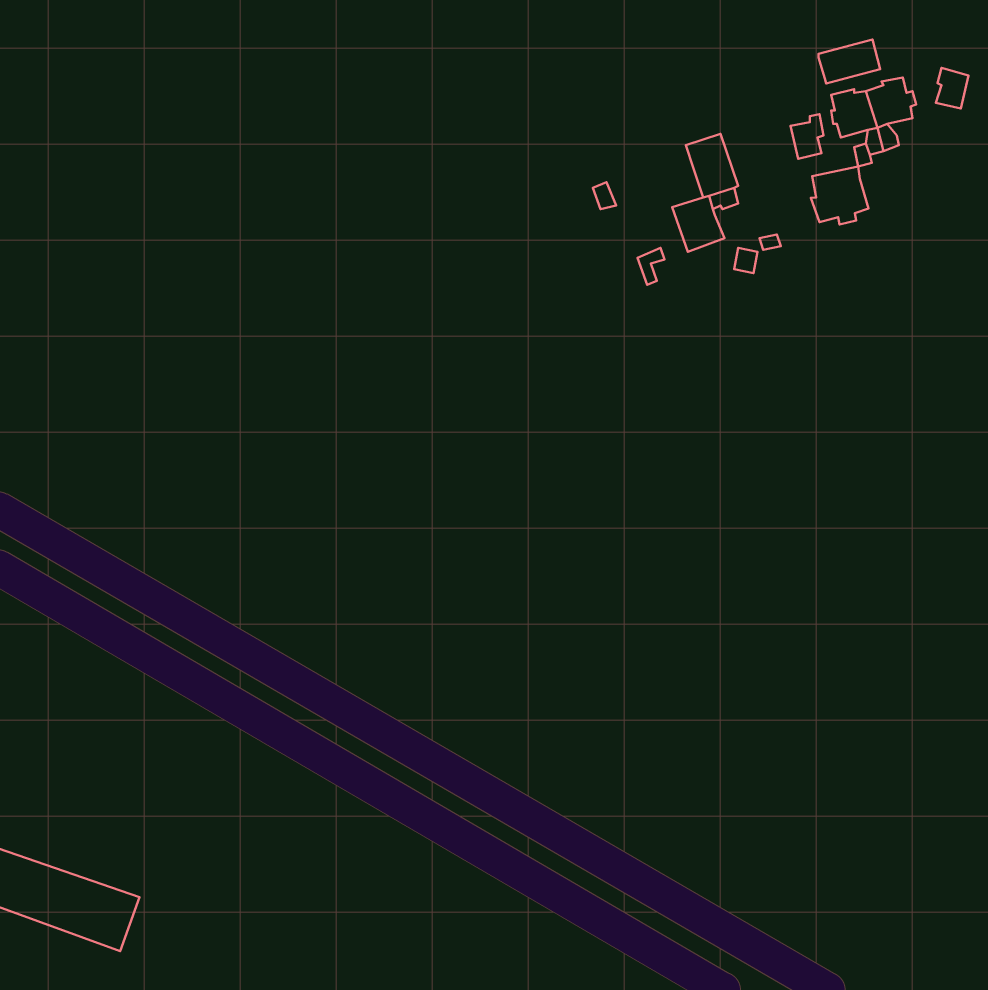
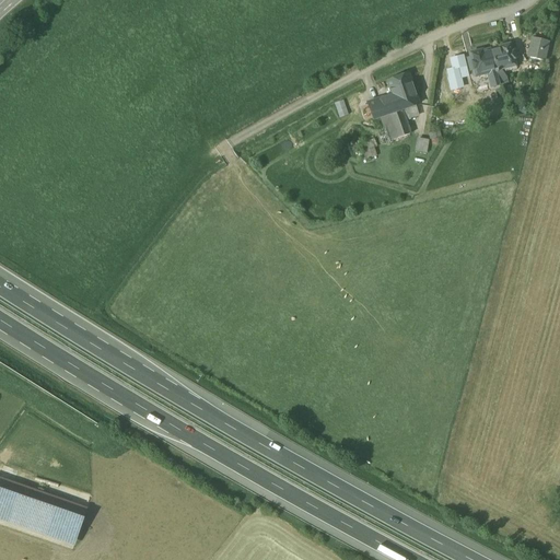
building: [818,40,880,83] -> none
building: [811,167,868,224] -> none
building: none -> [366,95,397,120]

